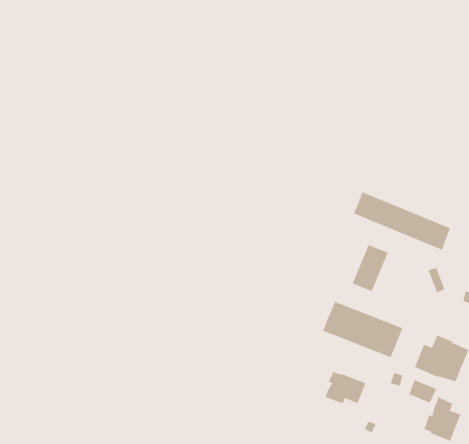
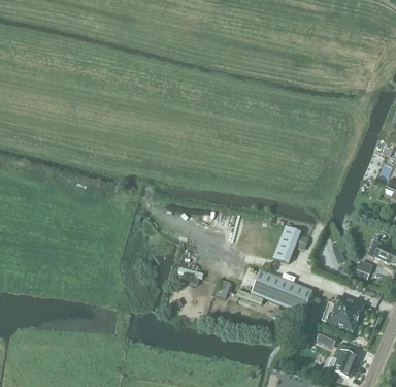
building: [354,191,451,250] -> none
building: [325,371,366,404] -> none

